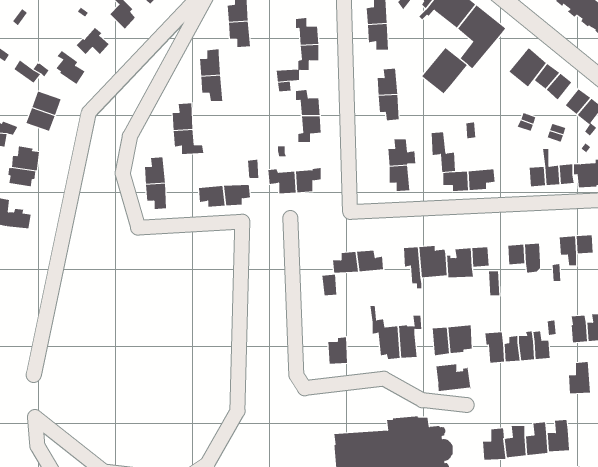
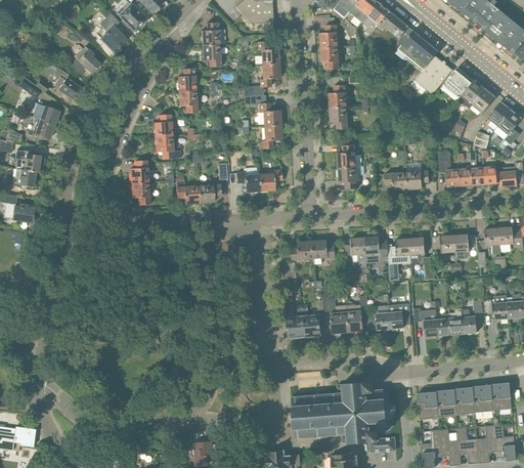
building: [421,47,468,94] -> [414,55,454,95]
building: [431,132,456,172] -> [438,152,460,186]
building: none -> [302,305,321,336]
building: [568,362,591,394] -> [492,382,512,410]
building: [436,364,471,392] -> none

